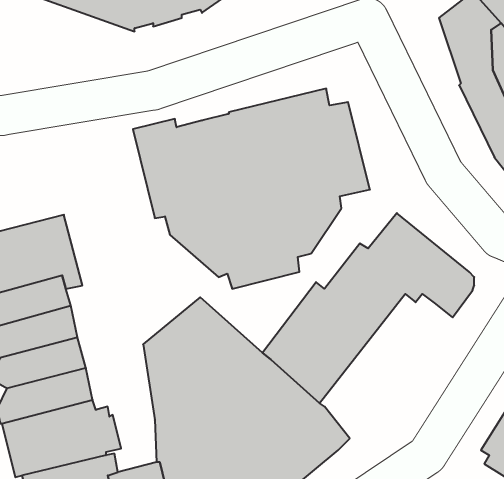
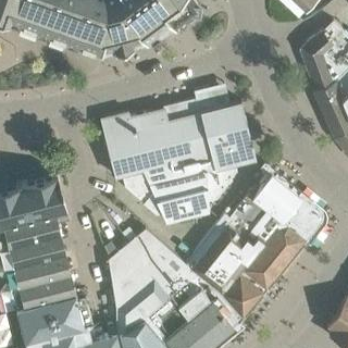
building: none -> [222,225,308,319]

